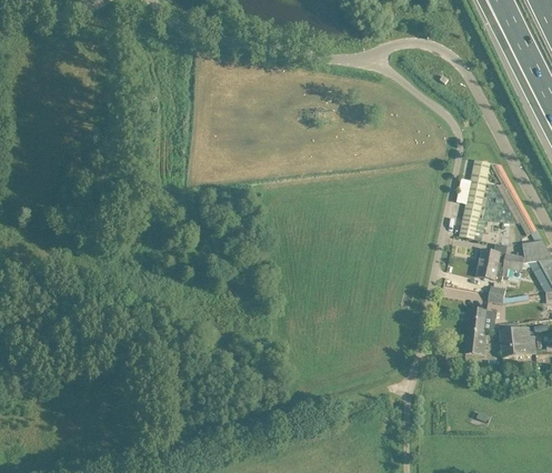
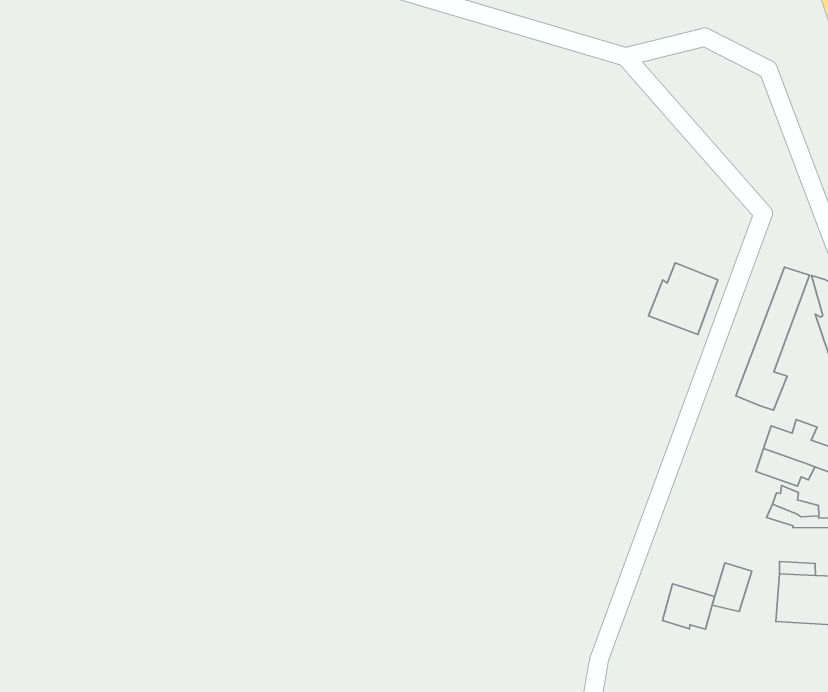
building: none -> [648,263,718,335]
building: [469,309,495,332] -> [663,584,715,629]

